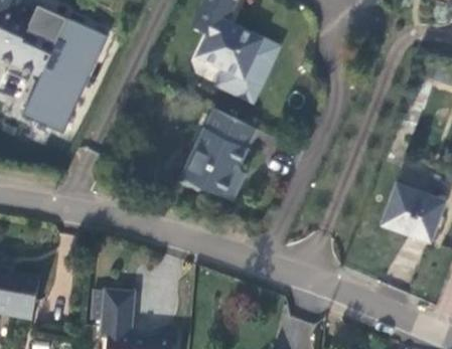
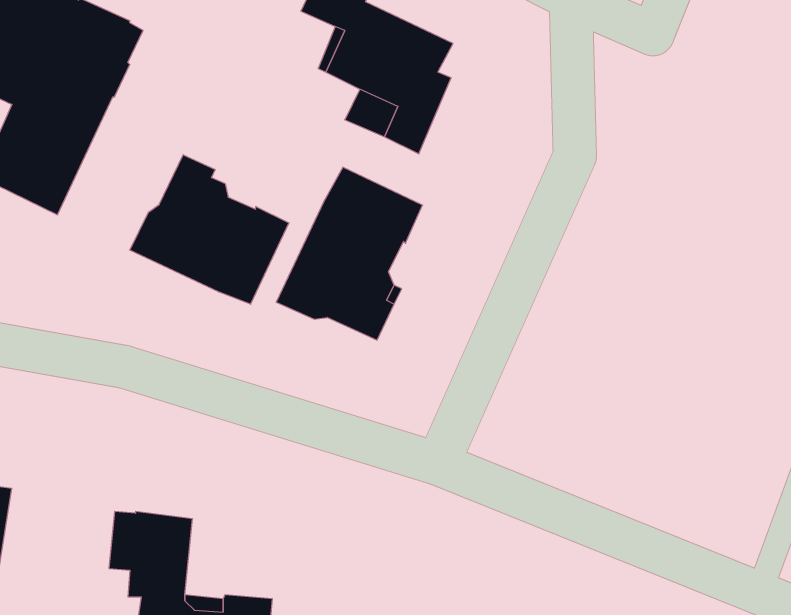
building: none -> [130,155,289,304]
building: [382,182,445,242] -> none

